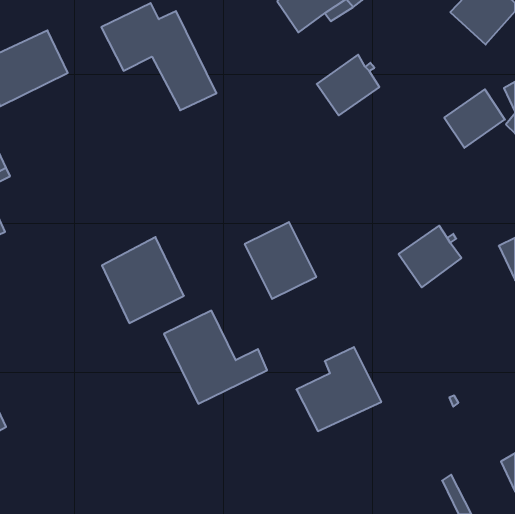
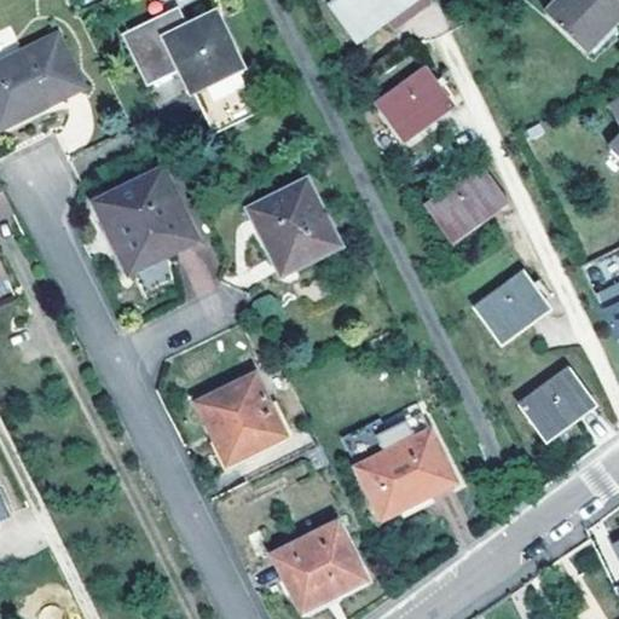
building: [444,89,505,148] -> [430,168,503,238]
building: [245,222,316,299] -> [253,178,339,270]
building: [102,237,184,323] -> [98,168,196,271]
building: none -> [522,368,596,439]
building: none -> [270,520,364,608]

